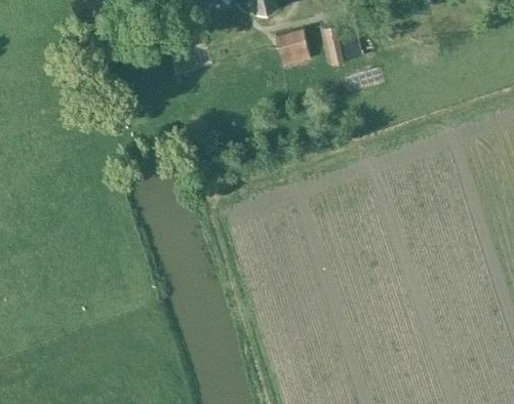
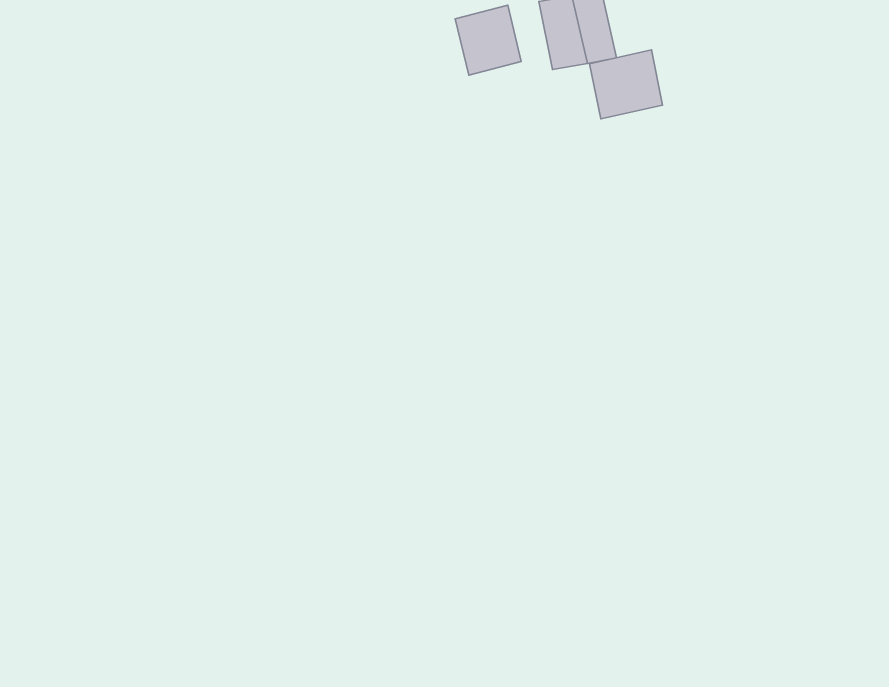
building: none -> [590,50,663,119]

